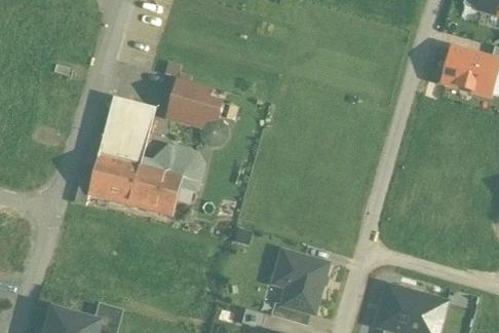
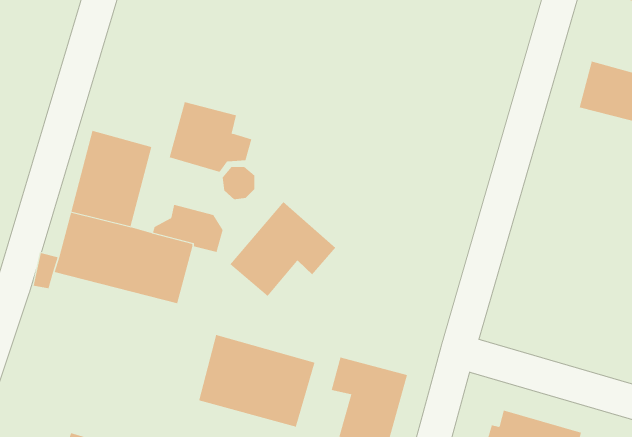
building: none -> [229,201,336,297]
building: none -> [198,334,315,428]

